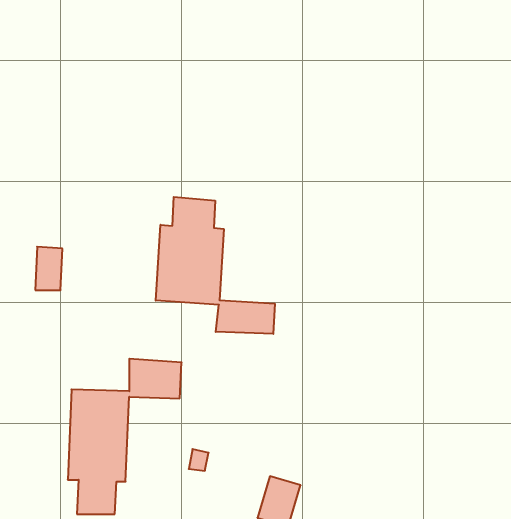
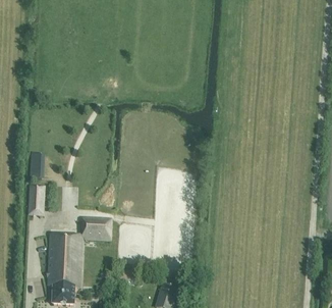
building: [156,197,275,334] -> none
building: none -> [27,183,46,215]

